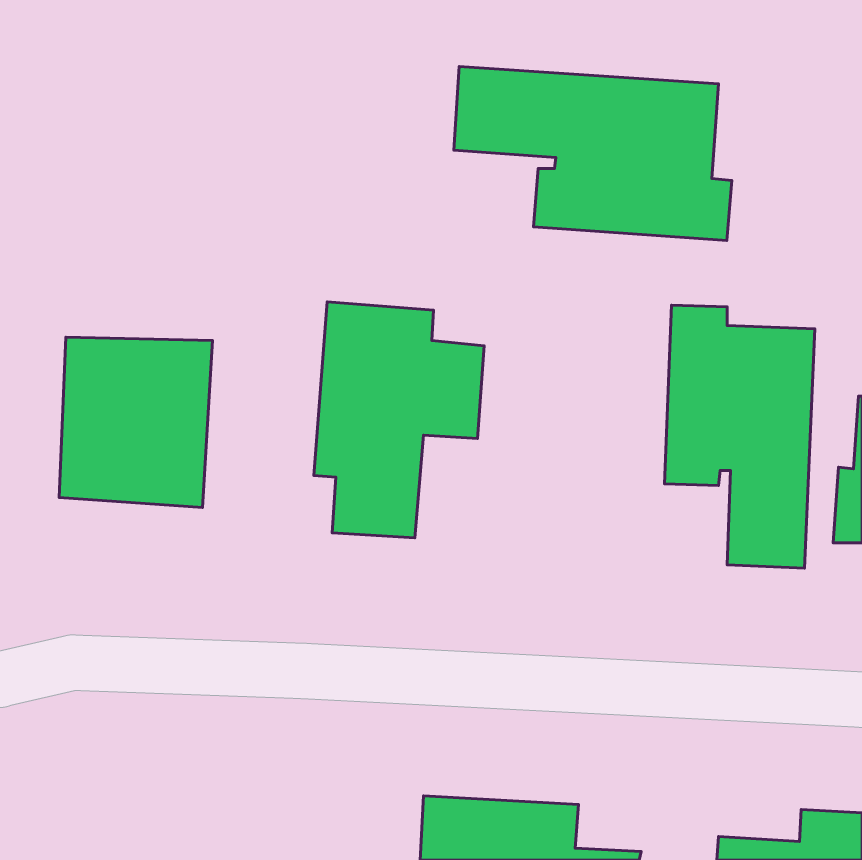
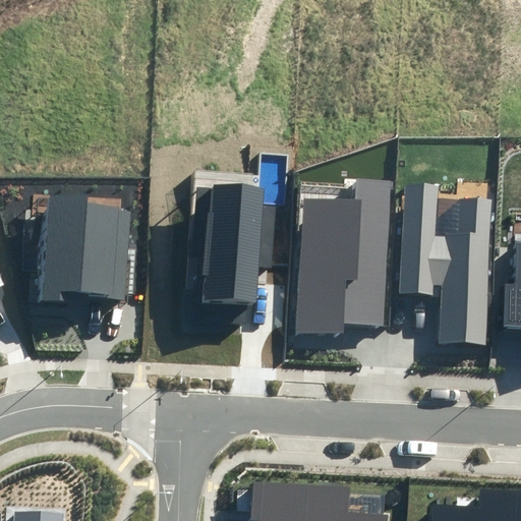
building: [454,66,732,241] -> none
building: none -> [294,178,394,336]

